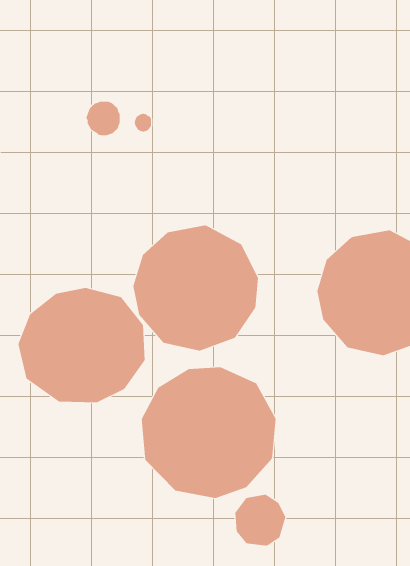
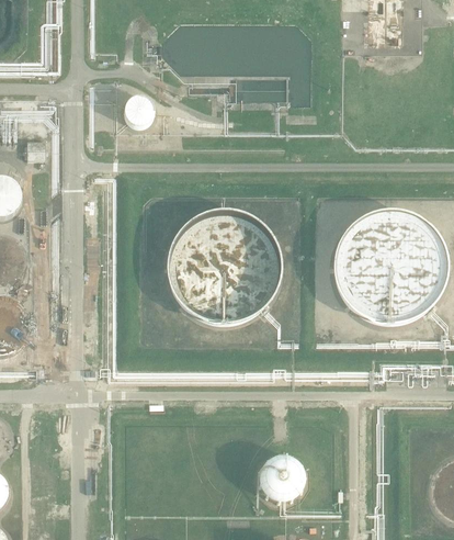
building: [18,287,145,403] -> none
building: [141,366,276,499] -> none

